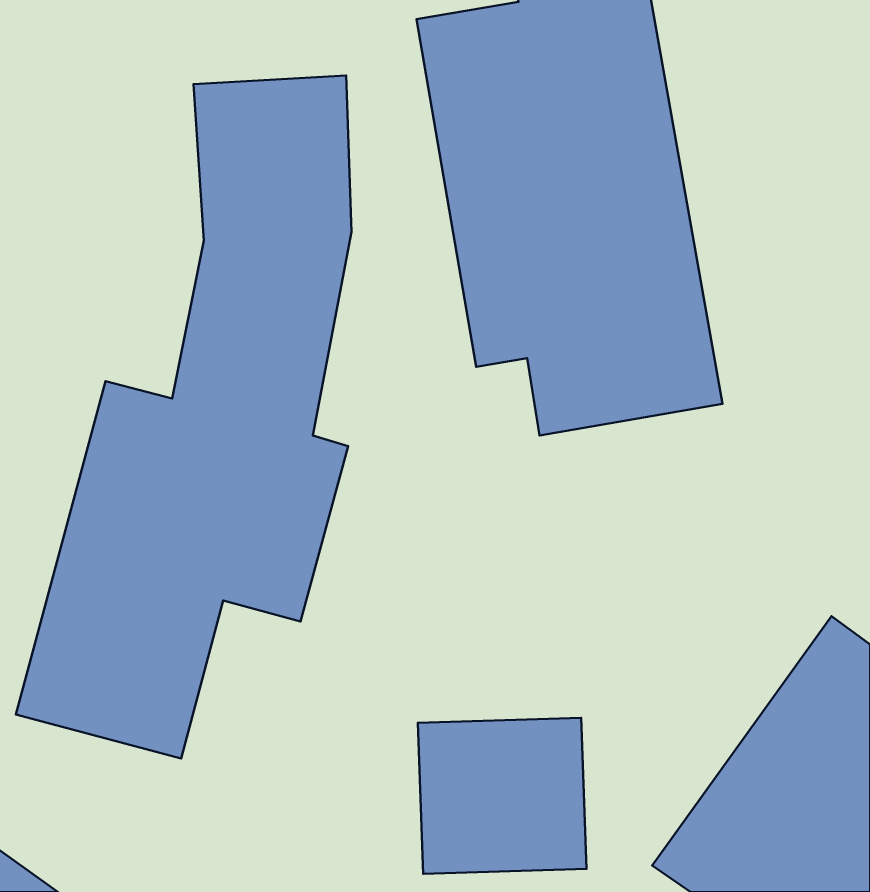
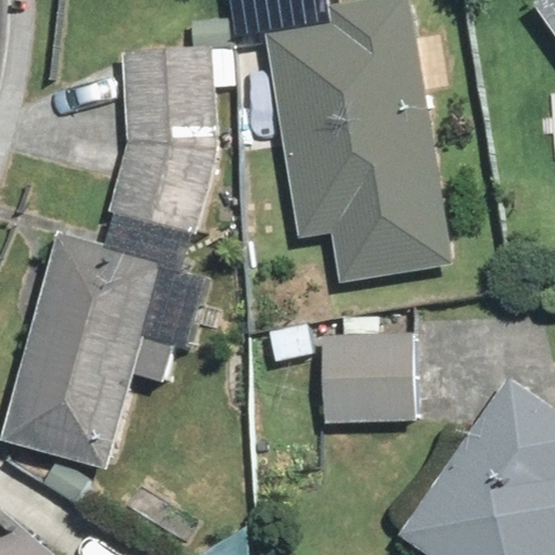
building: [418,718,587,874] -> [318,331,422,427]

